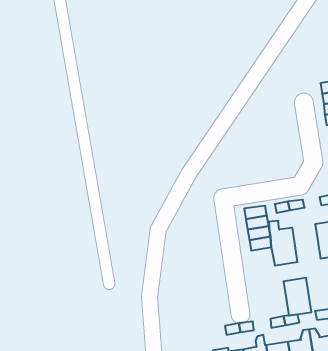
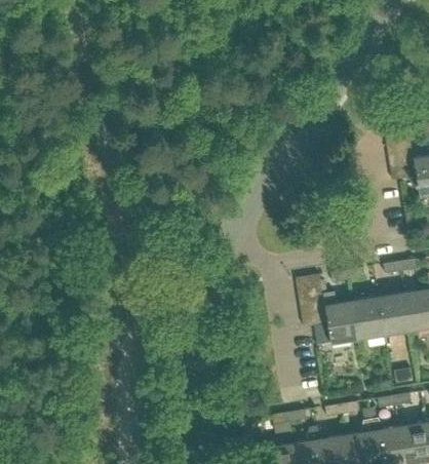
building: [283,278,312,316] -> [356,296,389,340]

